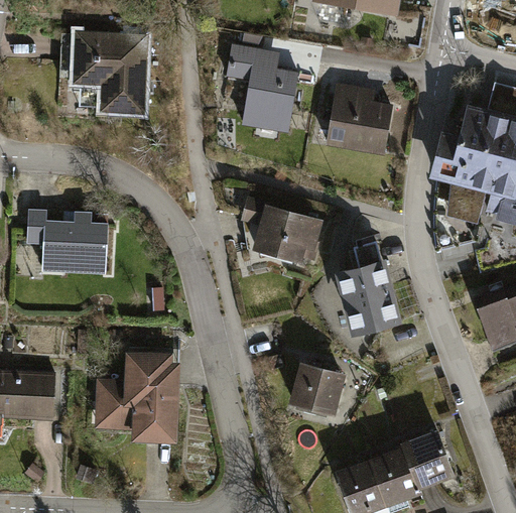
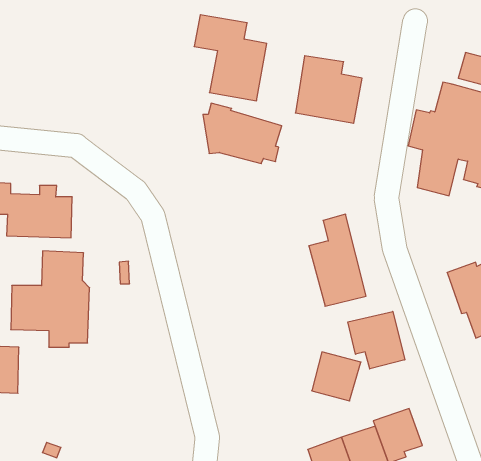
building: [77,35,144,110] -> none
building: [241,201,318,260] -> [203,103,282,164]
building: none -> [348,311,405,369]
building: [98,348,175,442] -> [11,251,90,347]
building: [293,365,342,413] -> [312,352,361,401]

